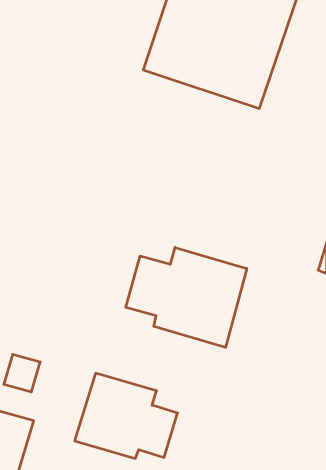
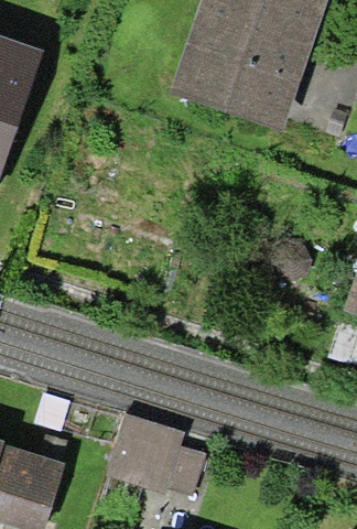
building: [126,247,247,347] -> none

